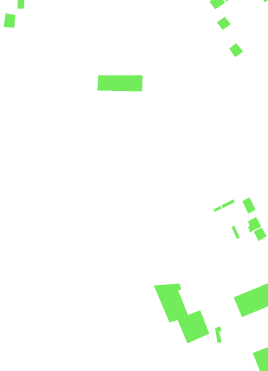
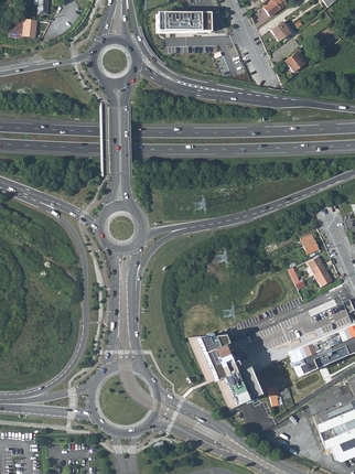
building: [96,75,144,92] -> [154,11,209,31]

